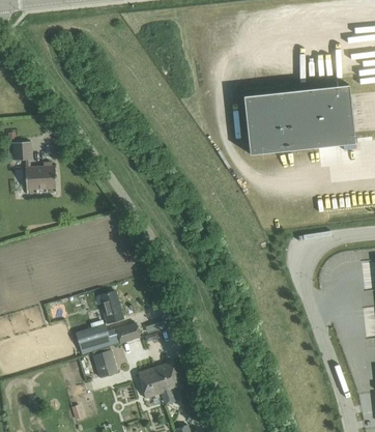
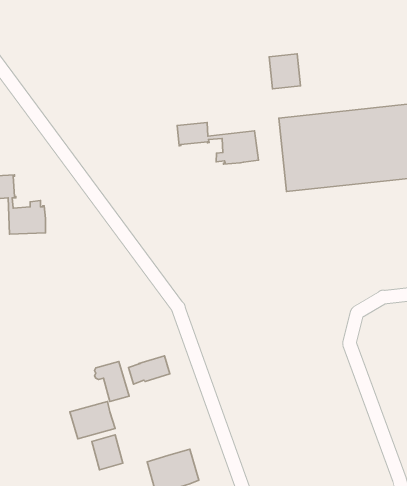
building: none -> [269,54,301,89]
building: none -> [177,122,258,164]
building: [107,322,140,345] -> [128,356,170,384]

